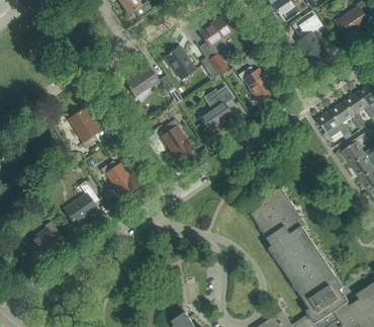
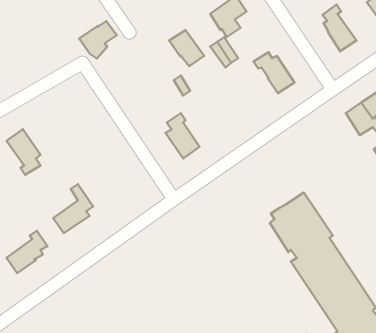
building: [125,68,158,100] -> [79,21,117,58]
building: [199,85,232,131] -> none
building: [68,108,97,148] -> [7,129,41,175]
building: [99,160,134,196] -> none

